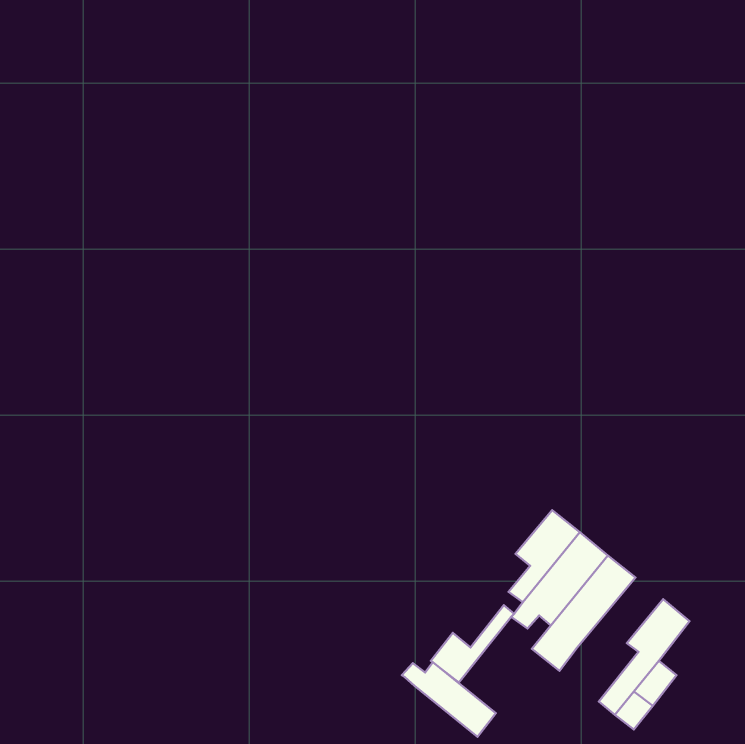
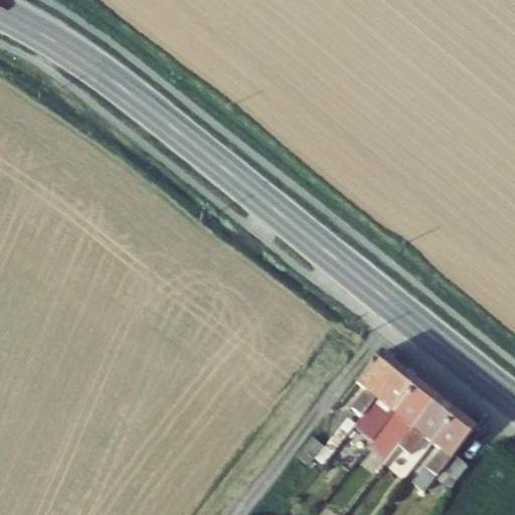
building: none -> [397,397,457,455]
building: [402,662,496,737] -> none

